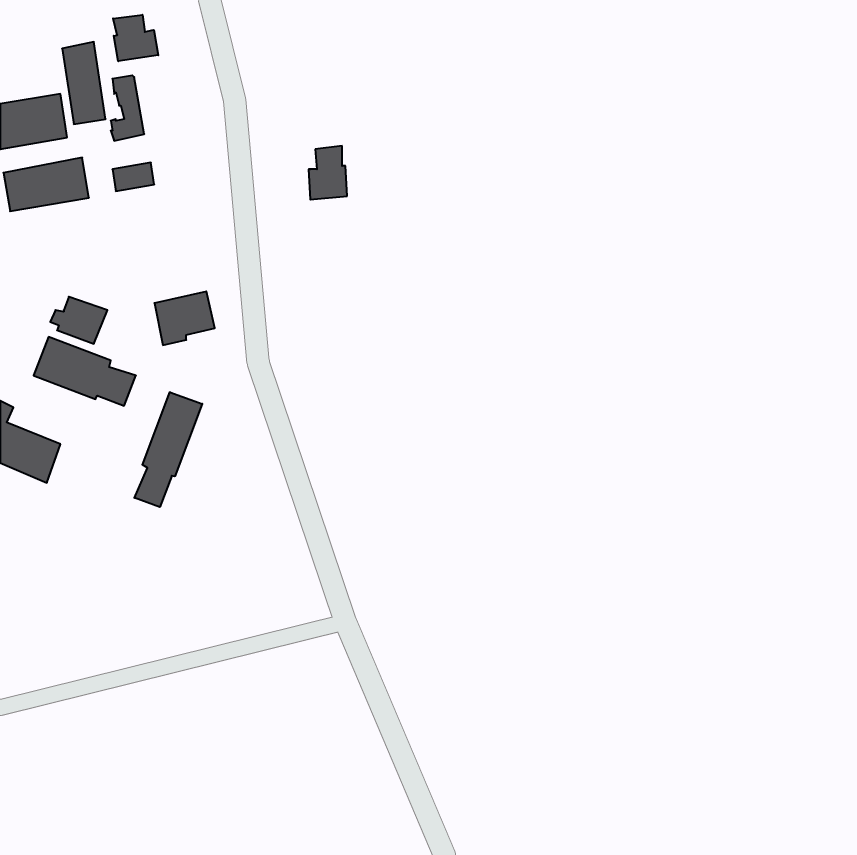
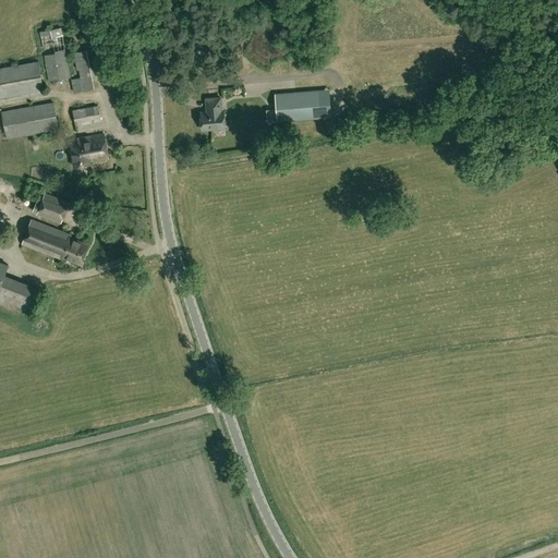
building: [113,15,158,61] -> none
building: none -> [275,88,320,121]
building: [154,291,215,345] -> [70,133,109,168]
building: [134,392,202,507] -> none

